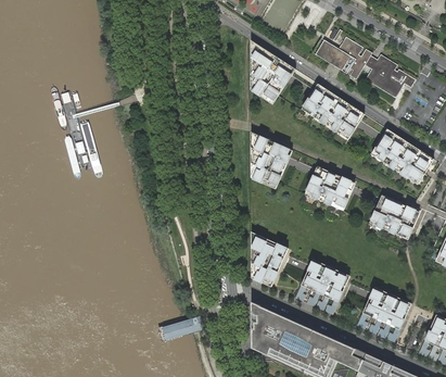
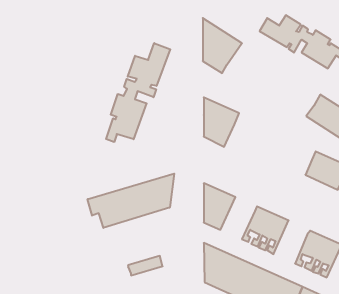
building: none -> [106,43,170,142]
building: [302,83,364,138] -> none
building: [305,165,355,210] -> none
building: none -> [88,174,174,228]

